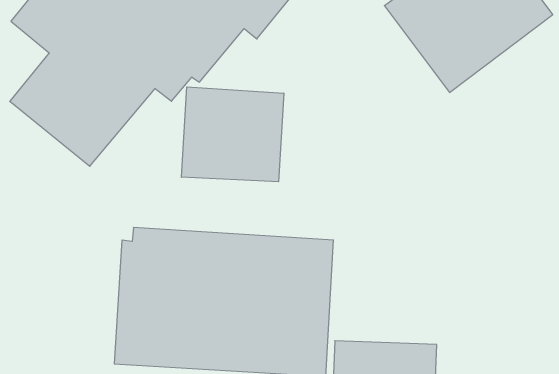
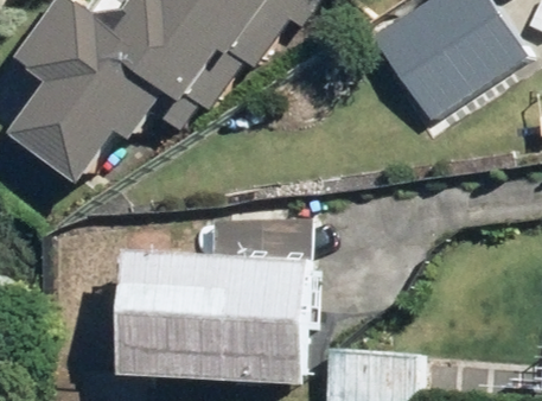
building: [181,87,284,182] -> none

